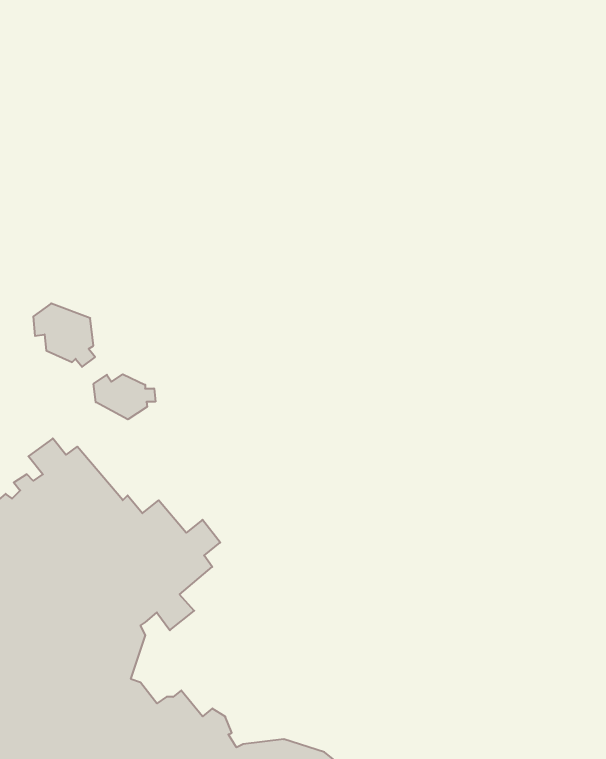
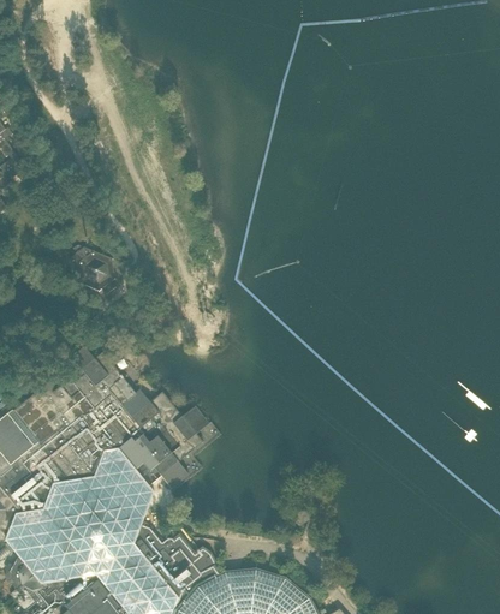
building: [94,374,155,419] -> none

